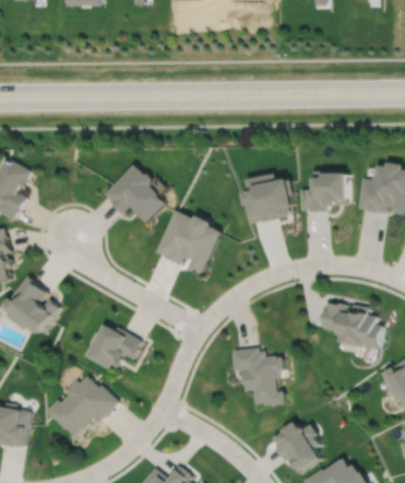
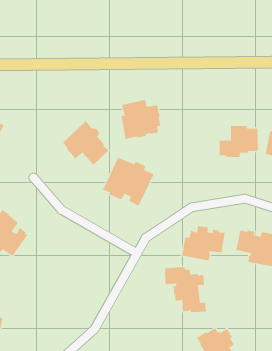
building: [243,174,295,224] -> [120,100,161,140]
building: none -> [181,225,225,261]
building: [88,326,141,370] -> none
building: [46,377,118,438] -> none

